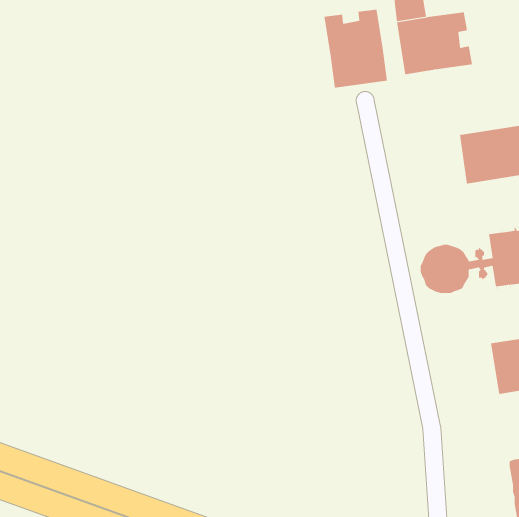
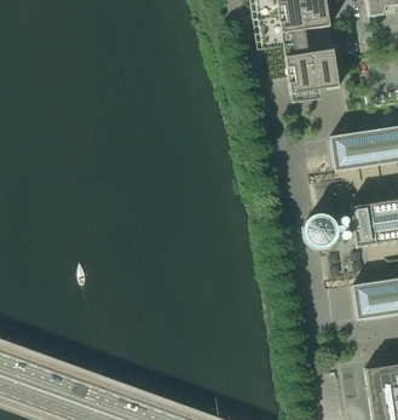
building: [324,9,388,88] -> none

